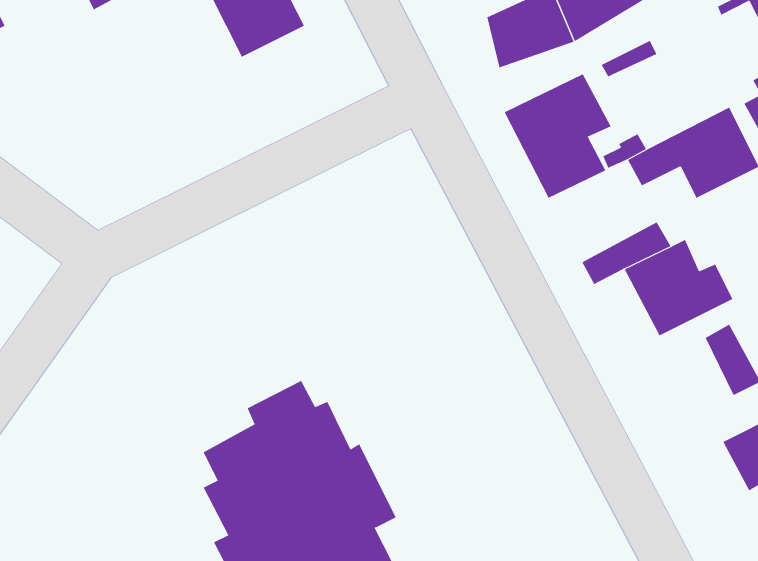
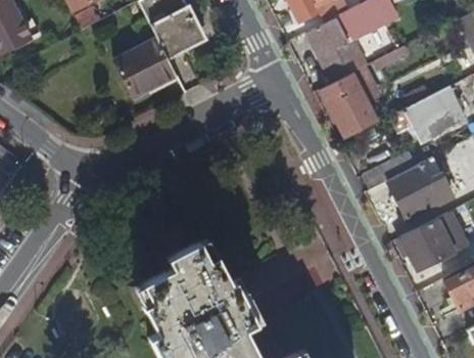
building: none -> [114,38,178,98]
building: none -> [402,219,453,270]

